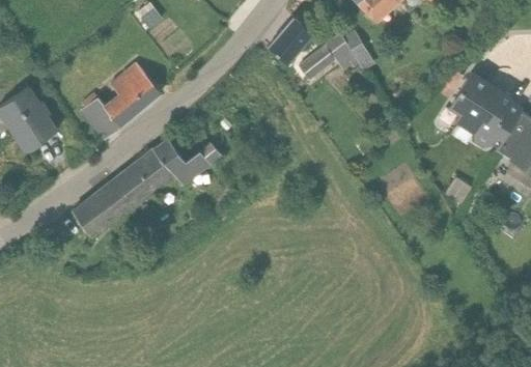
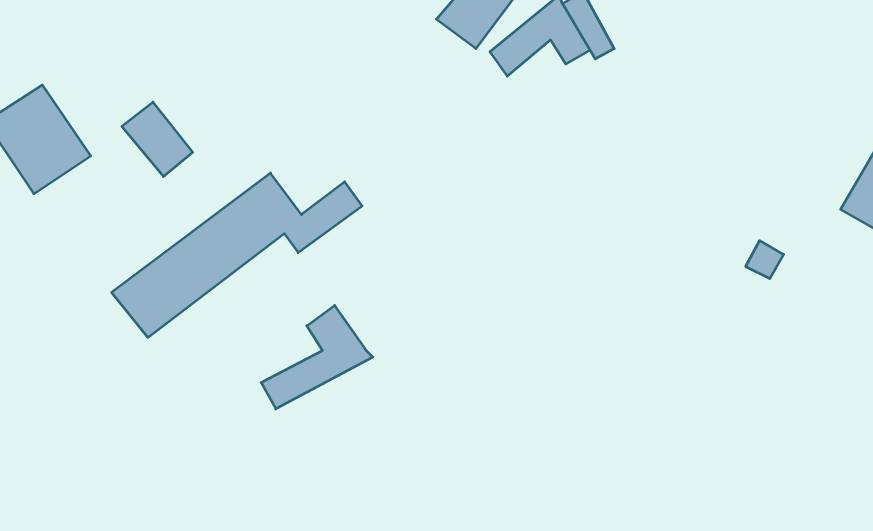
building: [102,62,160,126] -> none
building: [448,72,523,148] -> none
building: none -> [261,305,373,409]

